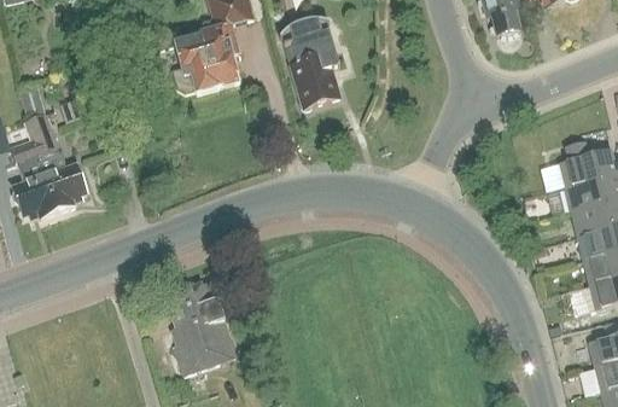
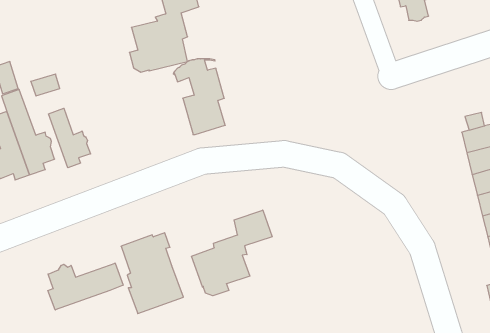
building: [280,19,340,107] -> [173,59,225,135]
building: none -> [48,108,91,168]
building: none -> [191,210,272,296]
building: none -> [48,263,123,310]

